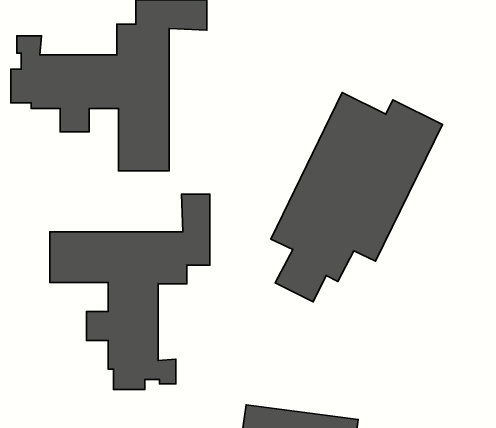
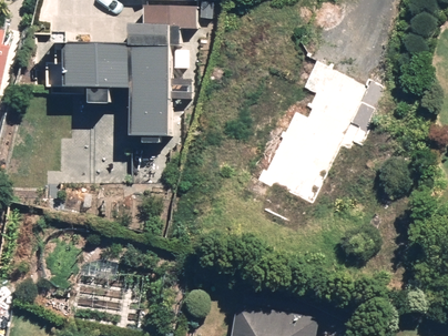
building: [50,194,210,390] -> none

